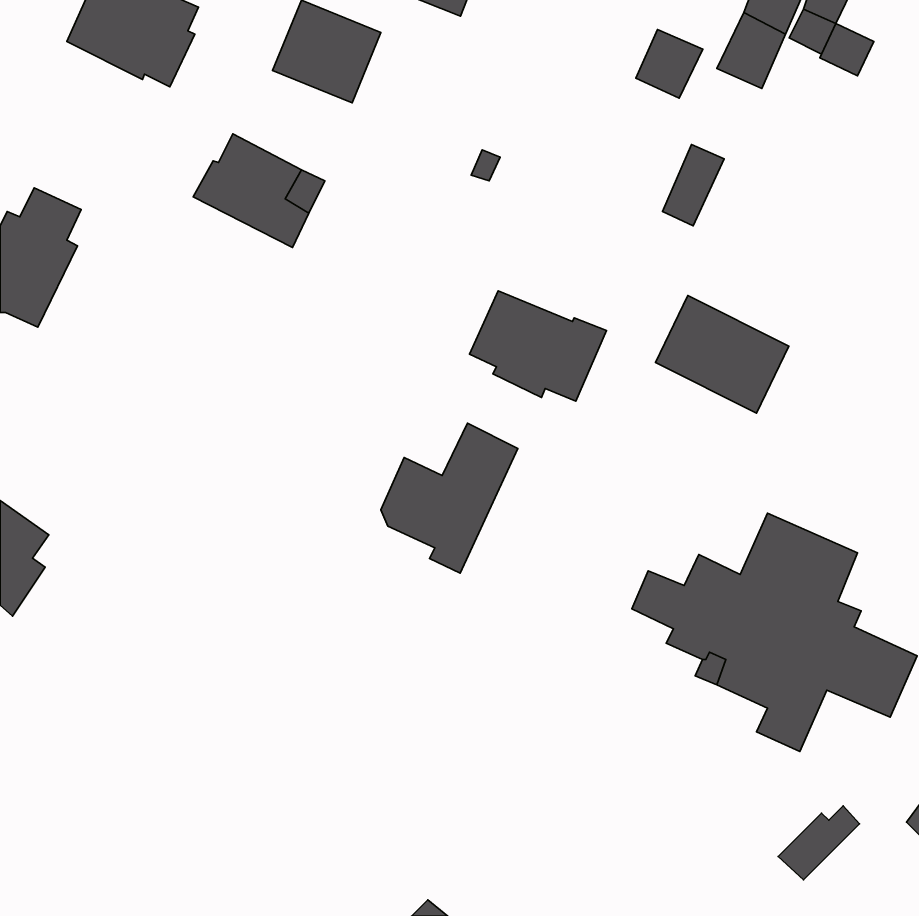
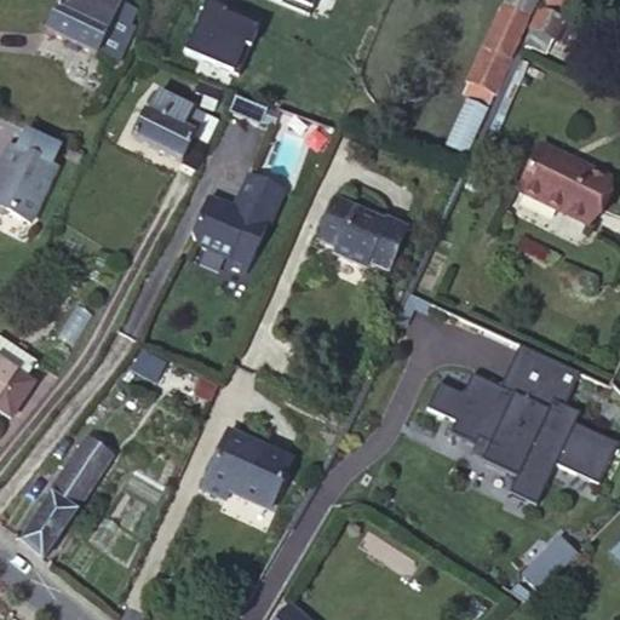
building: [636,29,703,98] -> [469,46,513,92]
building: [655,296,789,413] -> [518,143,608,222]
building: [381,423,518,573] -> [193,170,285,270]
building: none -> [201,429,291,507]
building: none -> [19,437,110,557]

